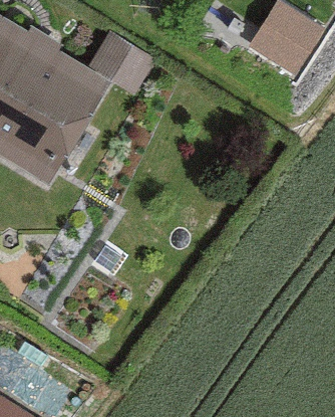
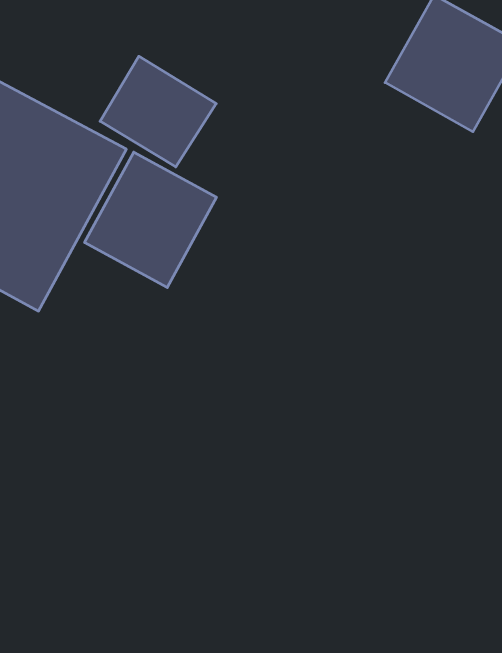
building: none -> [85,152,216,288]

